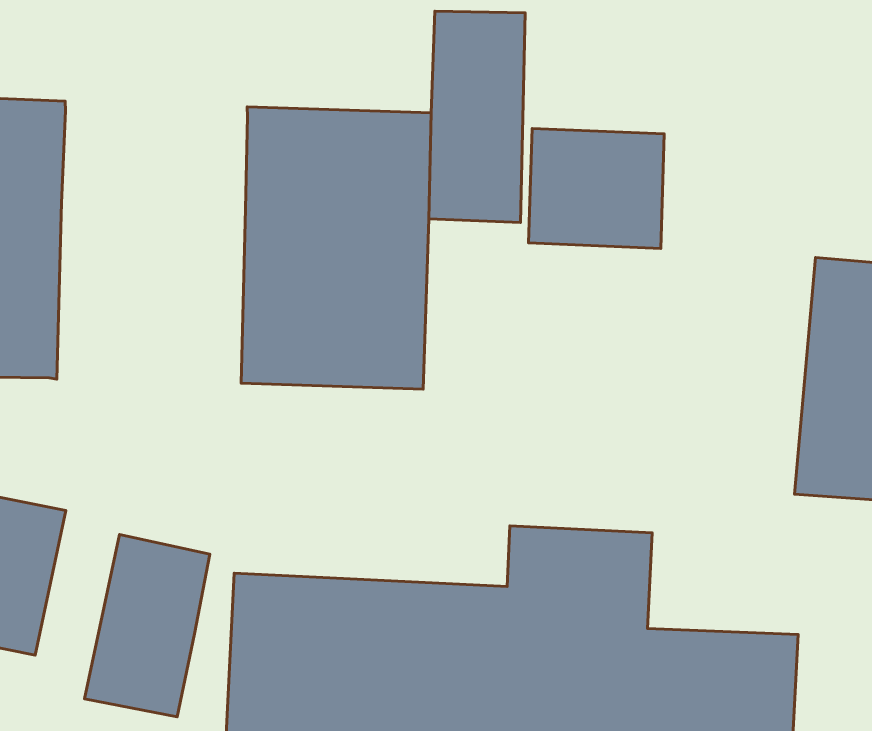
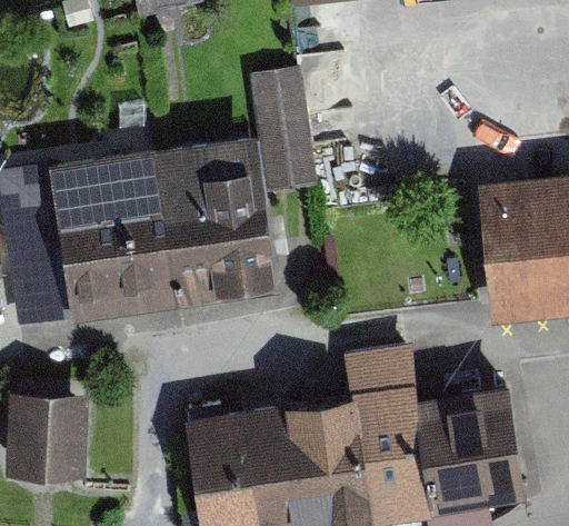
building: none -> [47,148,173,320]
building: [528,128,664,248] -> none
building: [85,535,210,717] -> none

